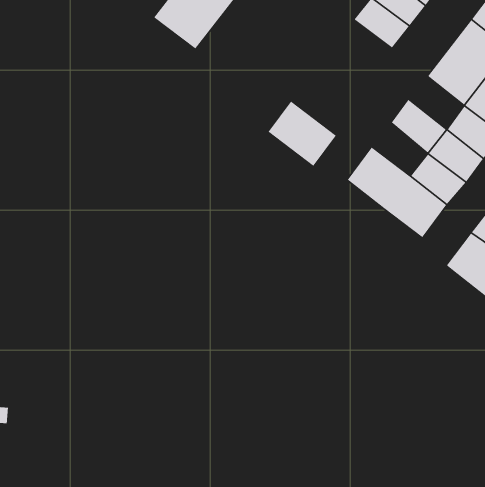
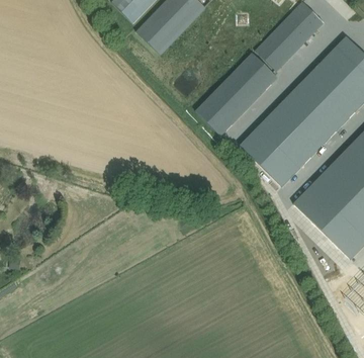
building: none -> [212,53,277,117]
building: none -> [283,88,316,121]
building: none -> [258,113,291,147]

